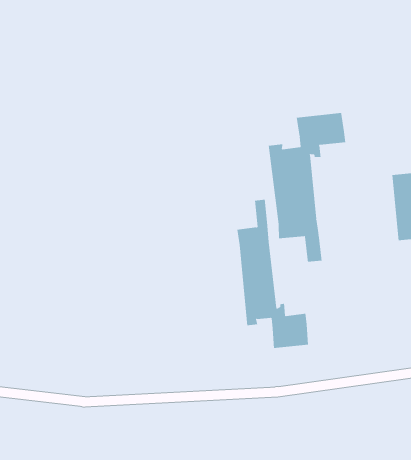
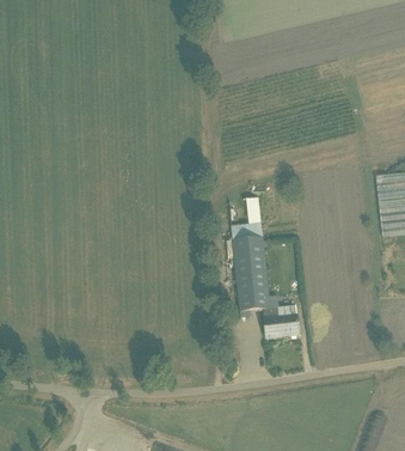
building: [268,112,346,263] -> none

